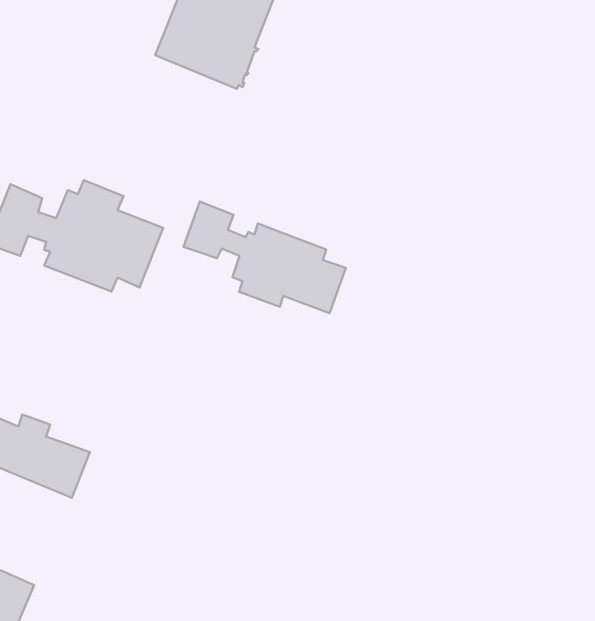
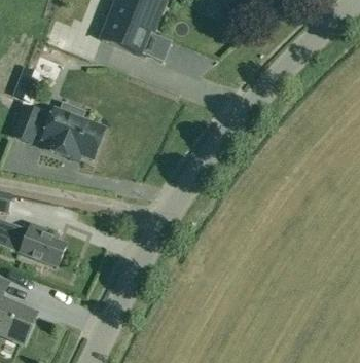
building: [184,201,346,313] -> none

